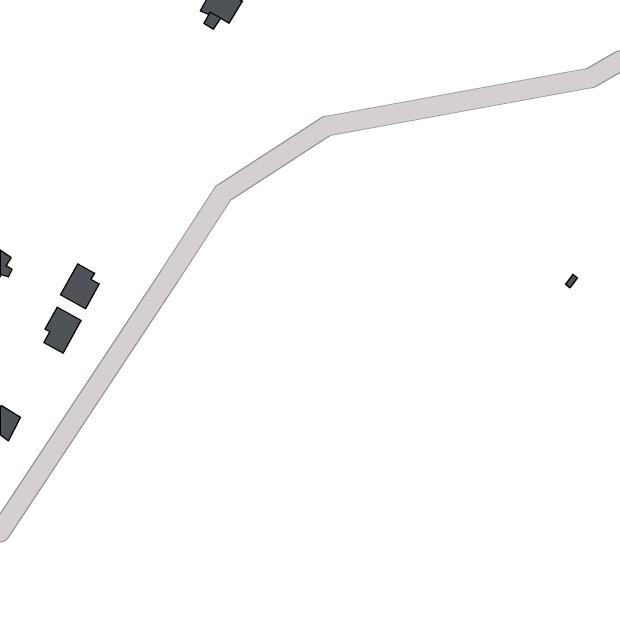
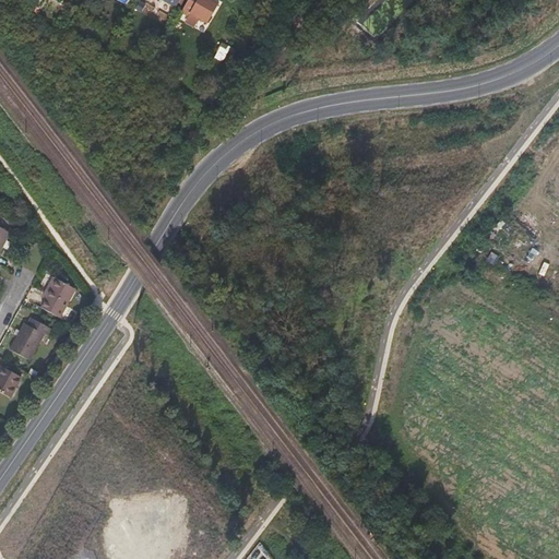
building: [61,264,99,309] -> none
building: none -> [9,317,51,359]

